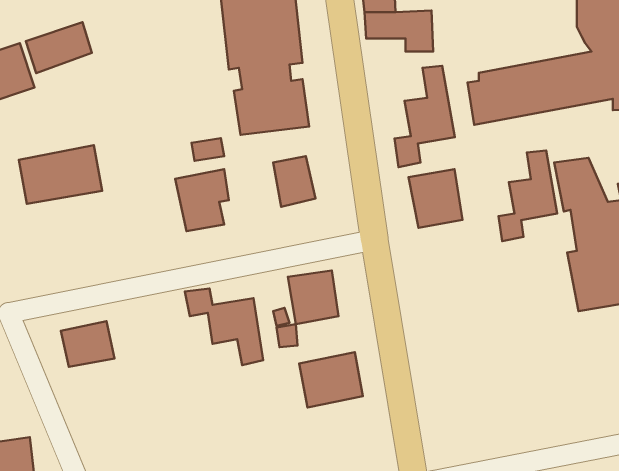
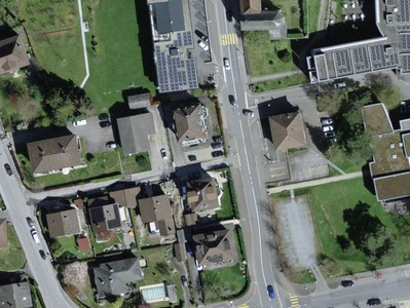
building: [26,22,92,73] -> none
building: [395,66,455,167] -> none
building: [19,145,102,204] -> [34,132,86,169]
building: [498,151,557,241] -> none
building: none -> [90,190,129,232]
building: none -> [97,258,143,296]

